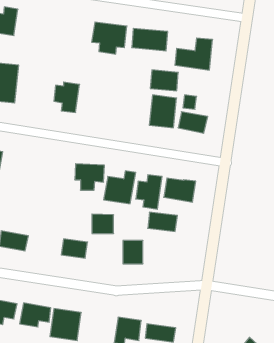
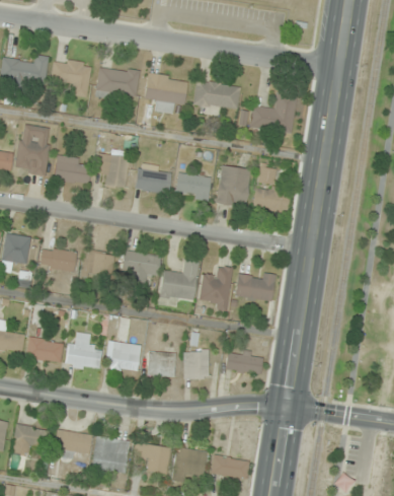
building: none -> [52,59,91,96]
building: none -> [96,66,139,101]
building: [150,70,178,91] -> [176,173,212,200]
building: none -> [53,154,93,187]
building: none -> [136,169,172,194]
building: none -> [41,246,77,274]
building: none -> [83,251,113,278]
building: [148,212,177,231] -> [226,350,263,374]
building: [92,214,114,233] -> [148,352,175,376]
building: none -> [69,334,100,369]
building: none -> [133,443,171,474]

